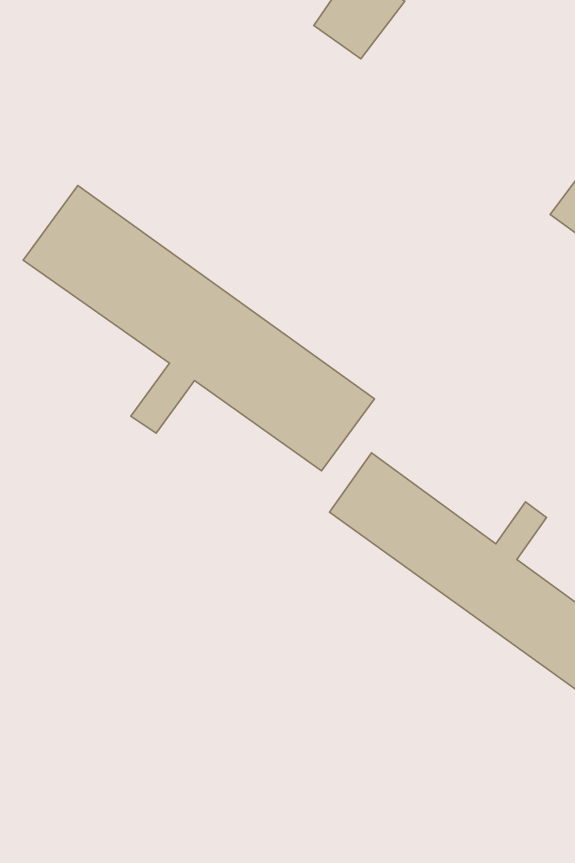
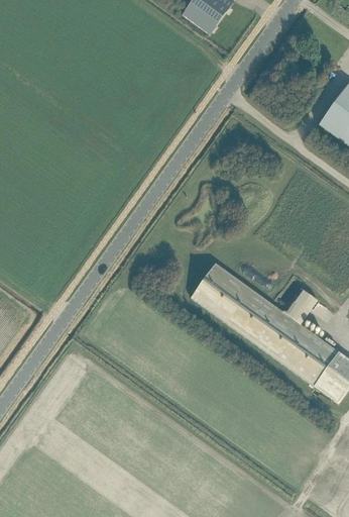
building: [23,186,375,471] -> none

